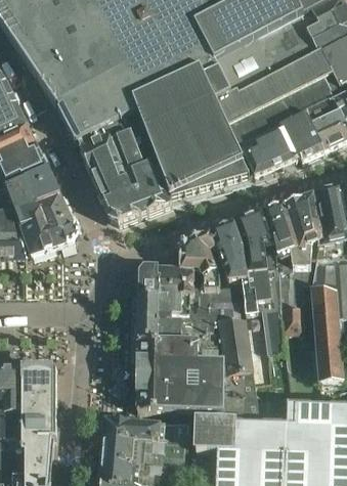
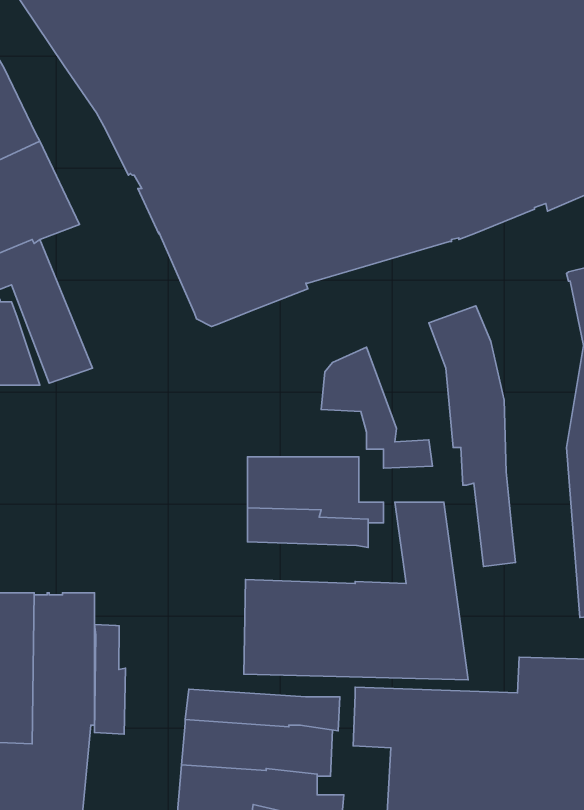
building: [26,166,78,244] -> none
building: [262,193,315,330] -> none
building: [210,219,257,311] -> none
building: [138,264,232,316] -> none
building: [137,338,198,360] -> none
building: none -> [95,625,125,734]

